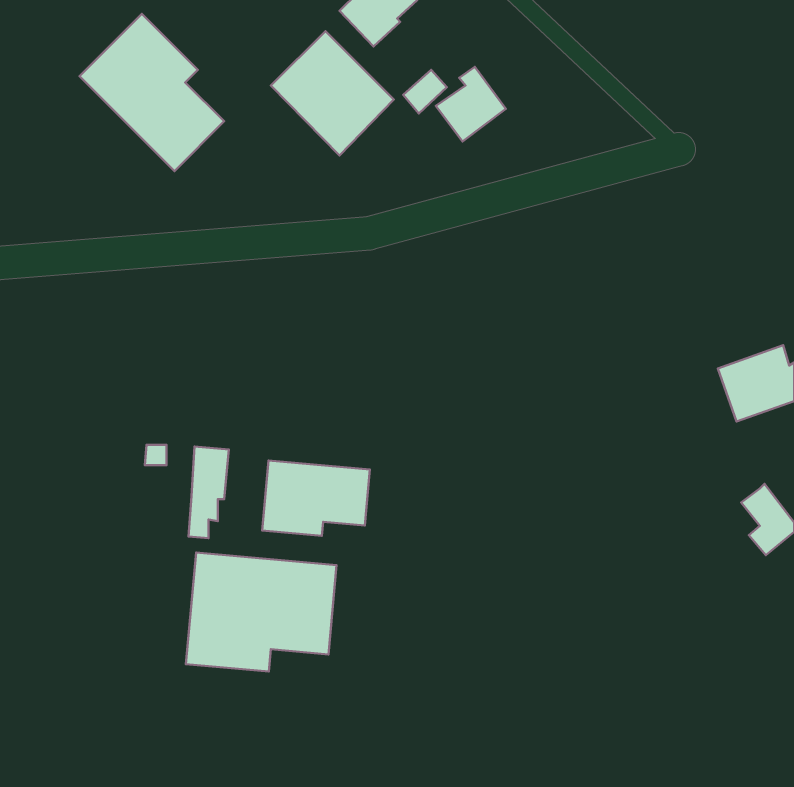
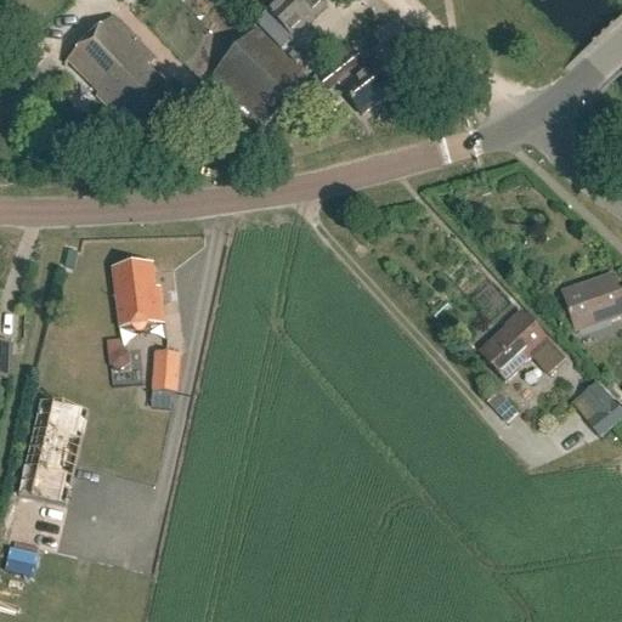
building: none -> [113,259,163,323]
building: none -> [484,307,566,375]
building: [262,460,370,536] -> none
building: [186,552,337,672] -> none

